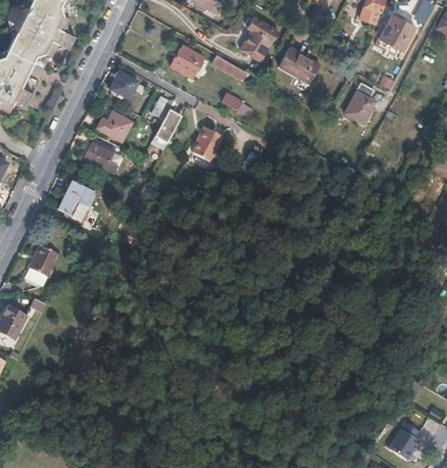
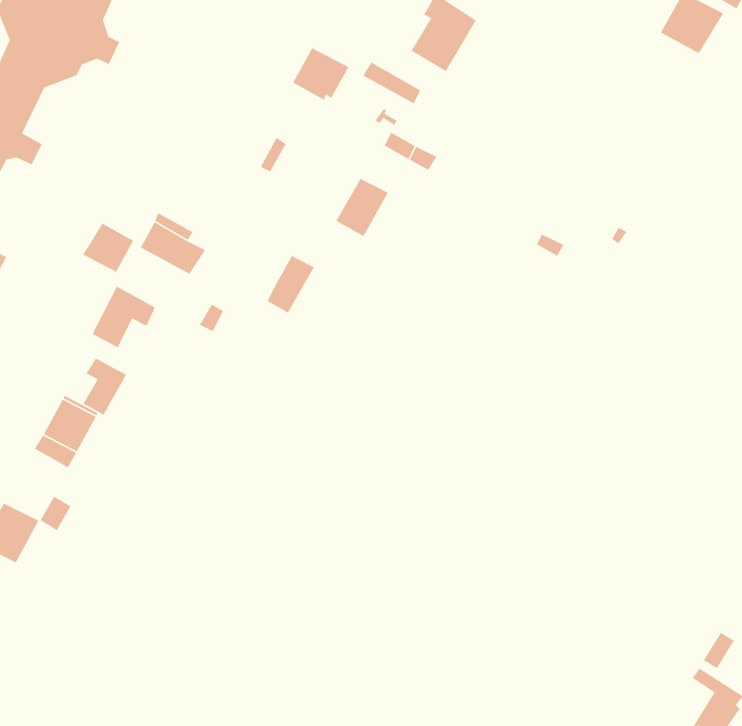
building: [279,49,317,83] -> none
building: [111,73,140,100] -> none
building: [342,81,375,120] -> none
building: [155,111,183,145] -> [267,255,315,314]
building: [103,113,133,142] -> [82,223,134,273]
building: none -> [83,358,127,416]

